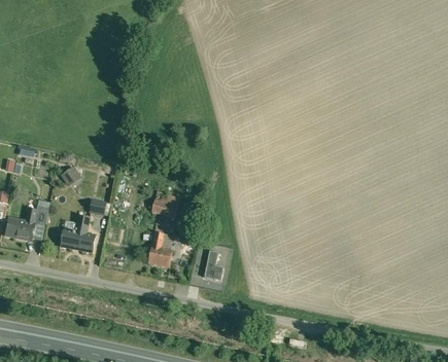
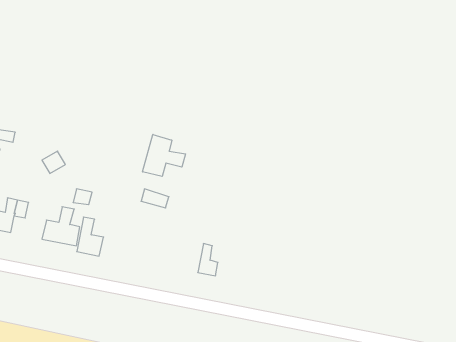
building: none -> [143,134,186,176]
building: [148,230,173,266] -> [77,217,104,256]

